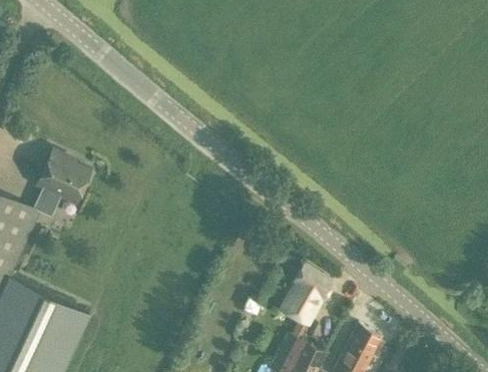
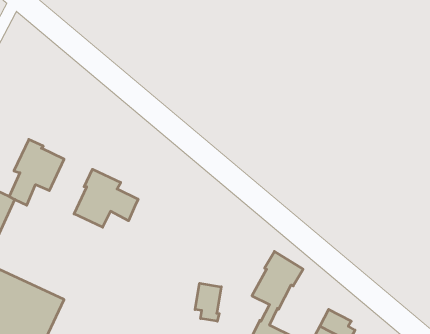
building: none -> [74,169,138,227]
building: none -> [195,283,221,321]

